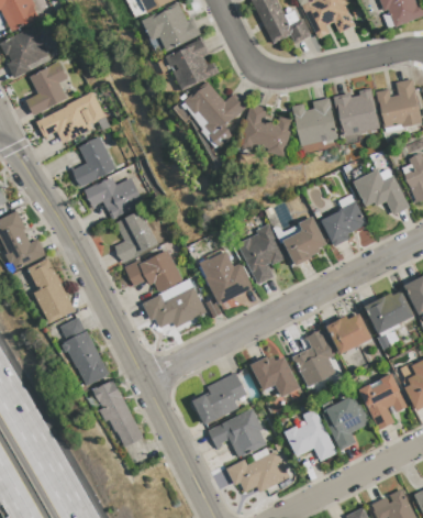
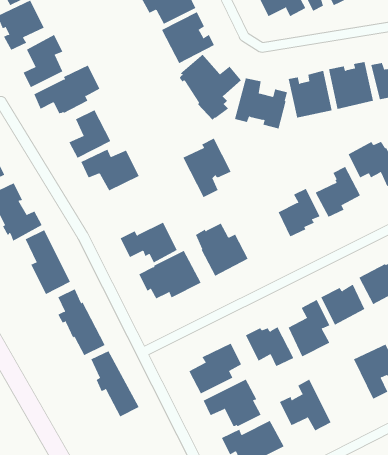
building: [114,209,157,263] -> none
building: [236,223,286,284] -> [183,138,232,198]
building: [321,394,369,450] -> none

